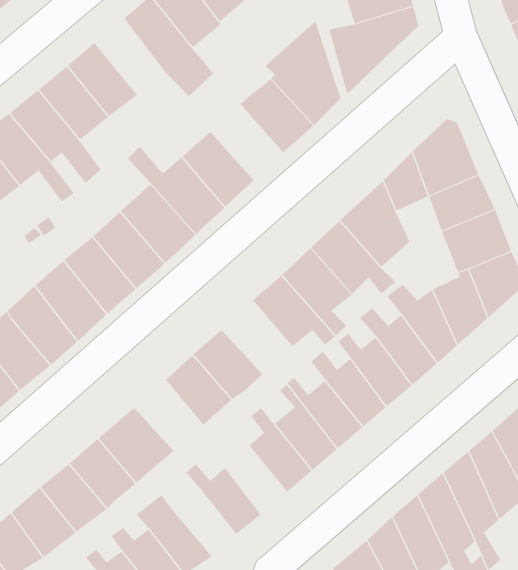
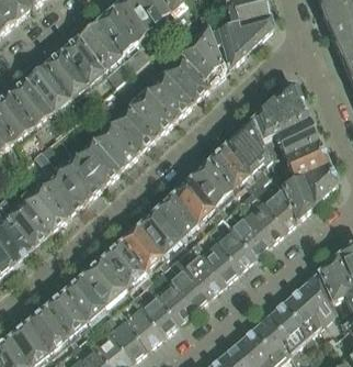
building: none -> [77,22,126,84]
building: none -> [147,74,191,120]
building: none -> [153,192,196,237]
building: none -> [101,241,143,283]
building: none -> [148,278,193,322]
building: none -> [124,307,162,347]

